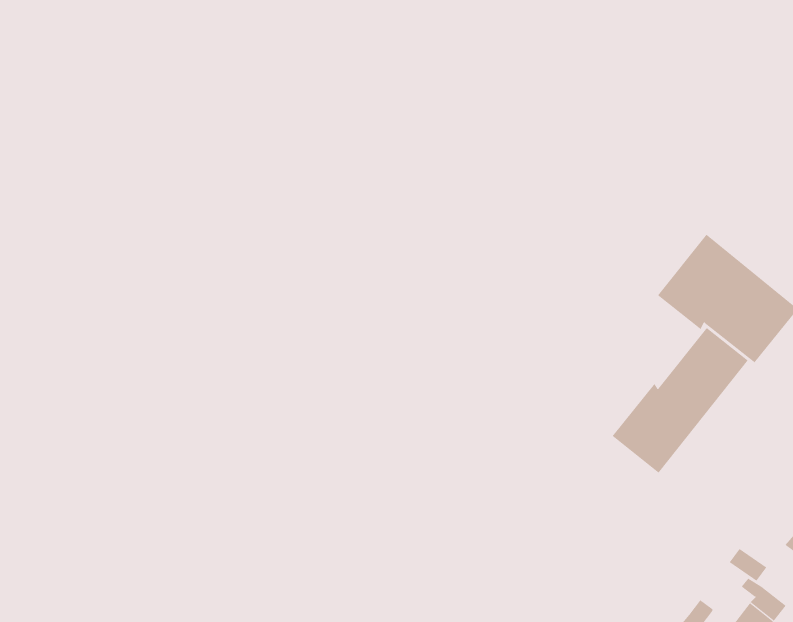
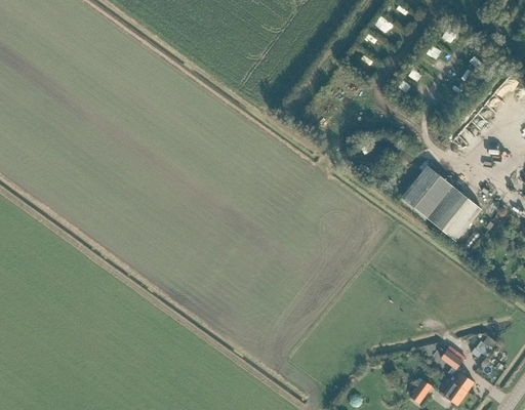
building: [612,327,749,474] -> none

